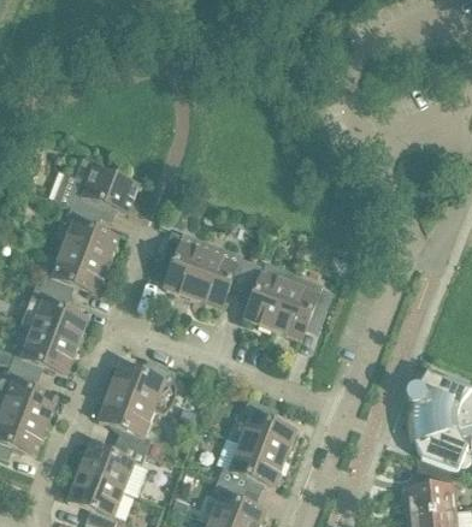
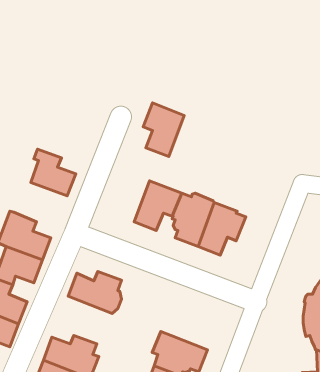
building: [69,159,137,219] -> none
building: [159,232,211,300] -> [143,103,184,156]
building: [40,250,107,300] -> none
building: [98,393,164,454] -> none
building: [238,401,295,461] -> none

